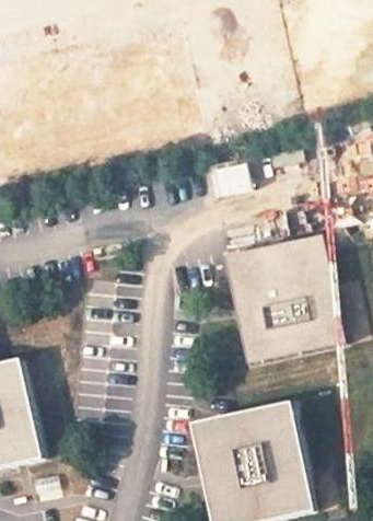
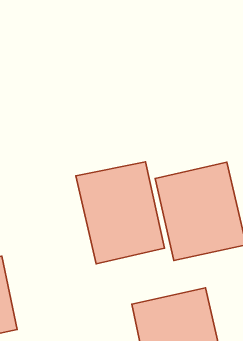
building: none -> [76,162,165,264]

